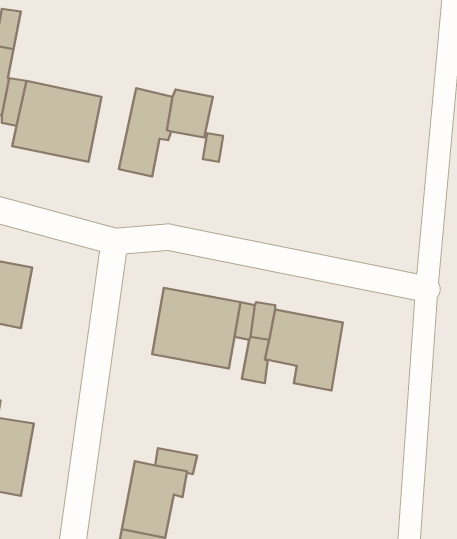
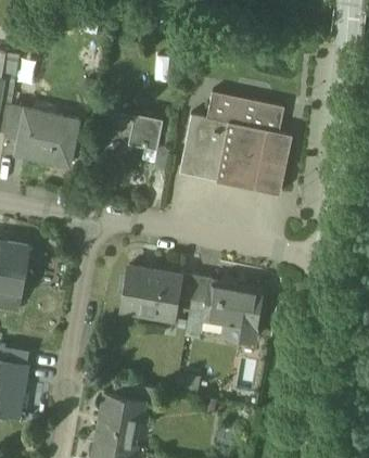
building: none -> [178,90,293,194]

